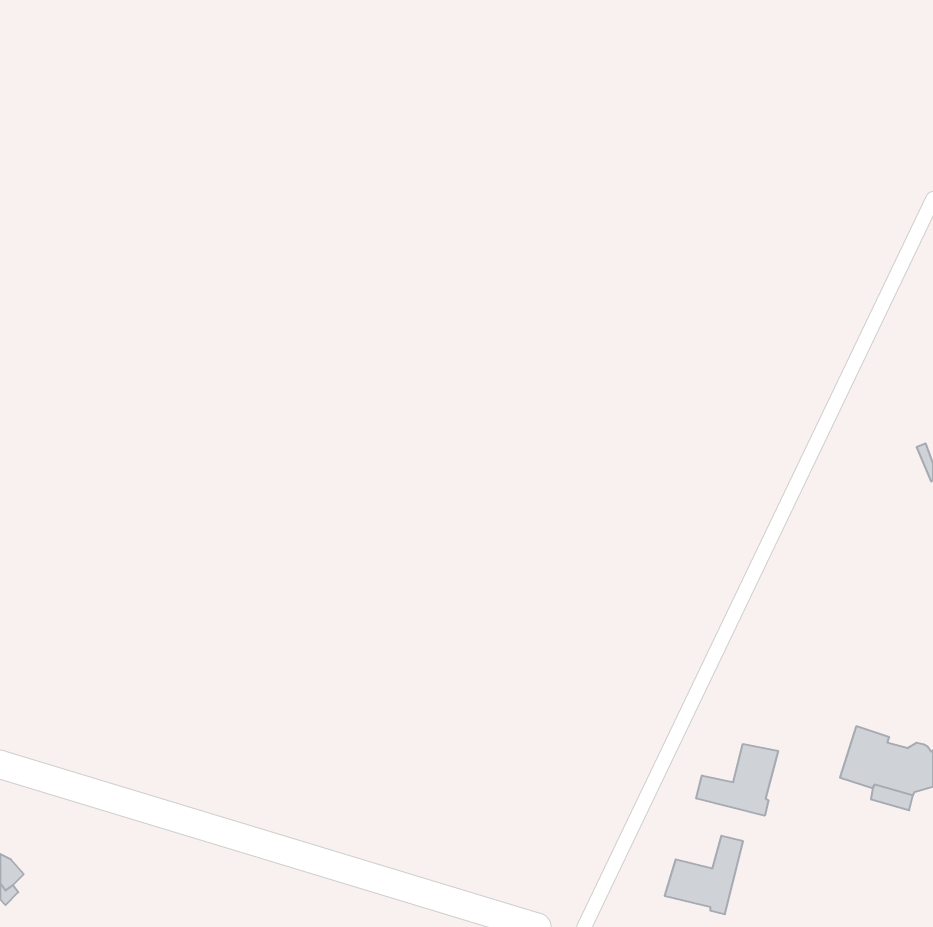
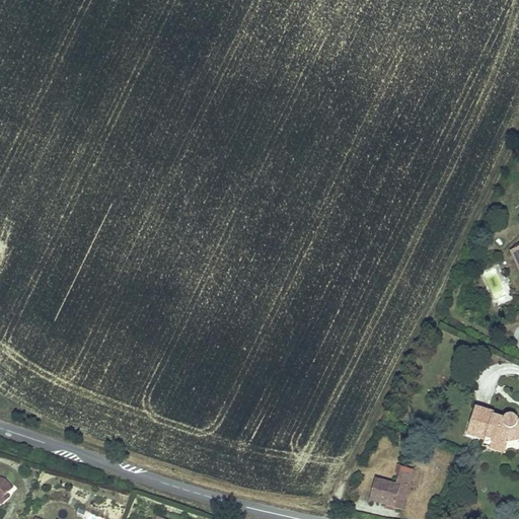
building: [696,744,778,816] -> none

